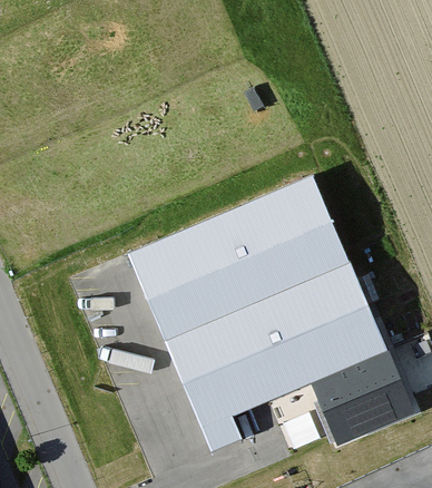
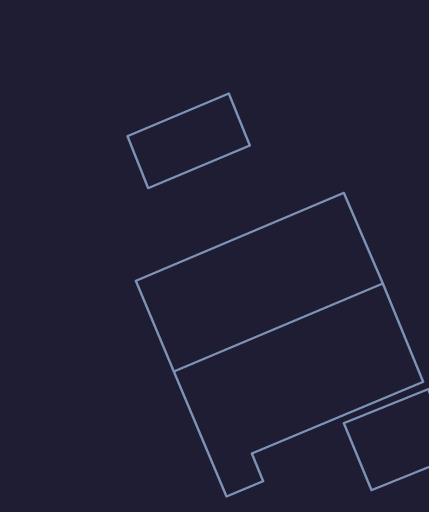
building: none -> [127,93,250,188]

